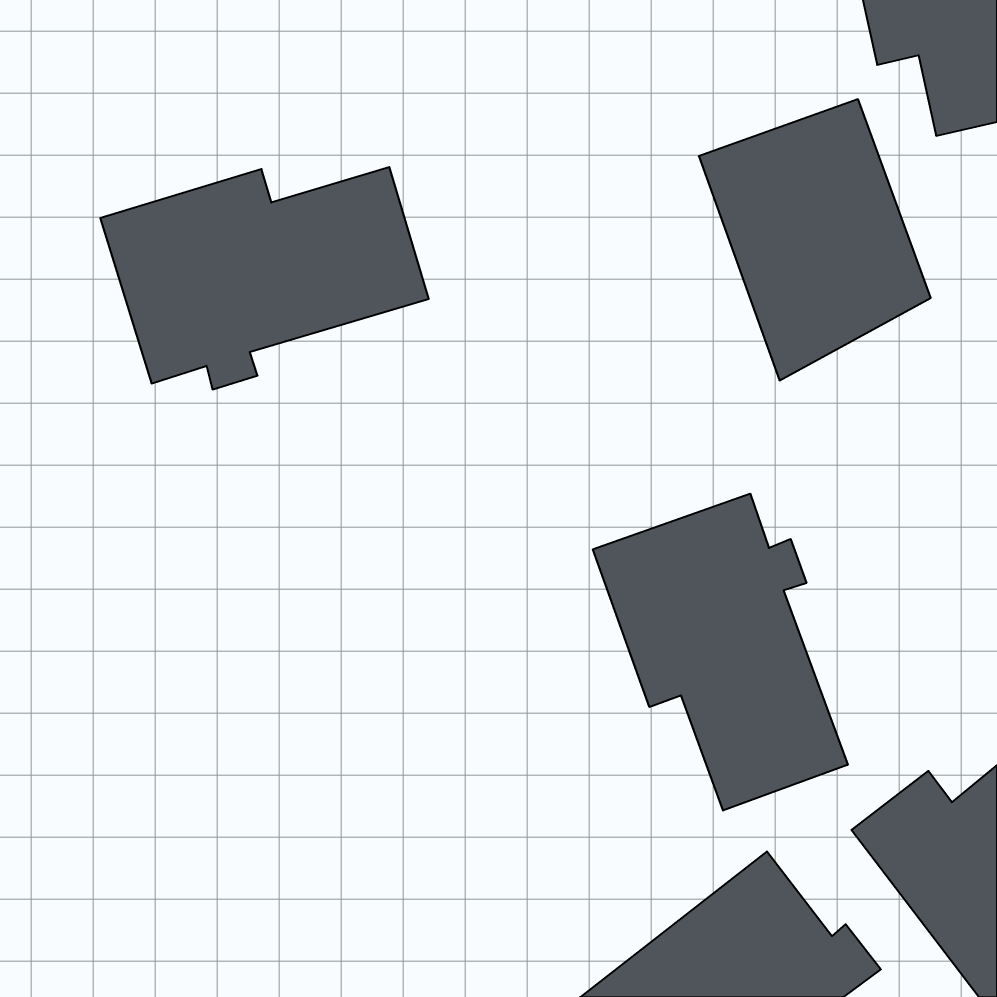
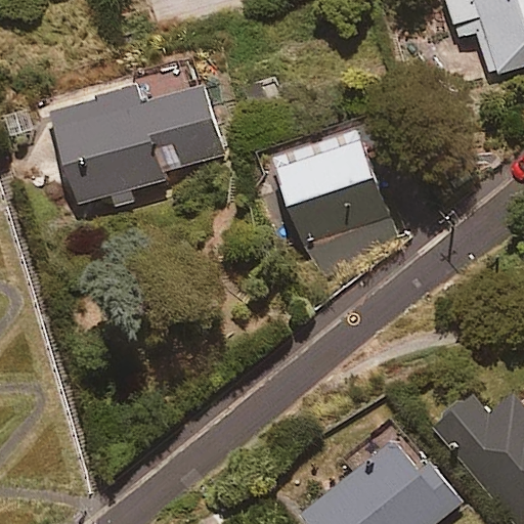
building: [699,99,931,380] -> [275,130,396,276]
building: [593,494,848,811] -> none

